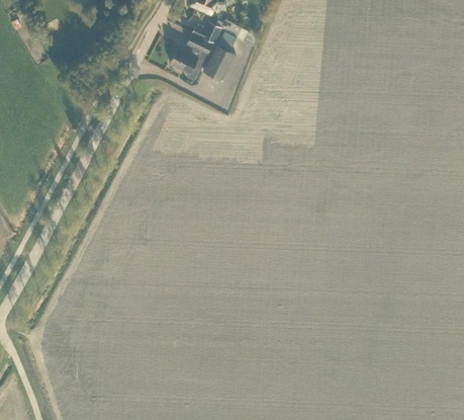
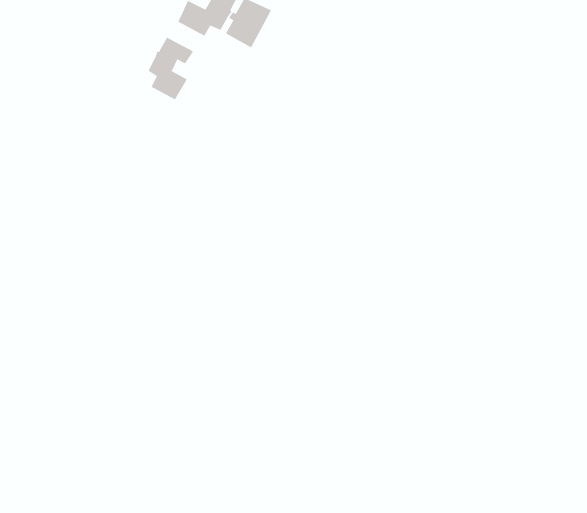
building: none -> [148,37,194,100]

